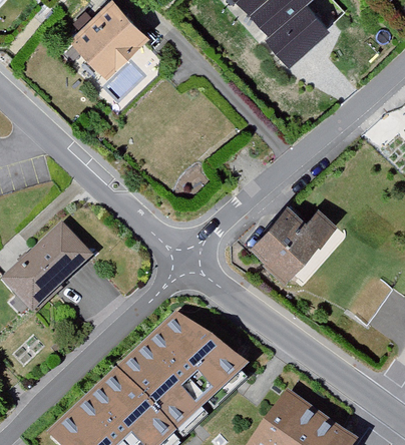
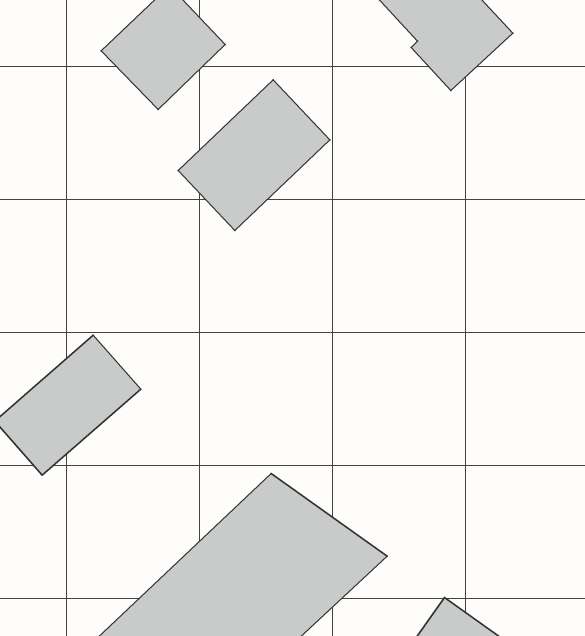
building: none -> [178,80,330,230]
building: [247,205,336,284] -> none

